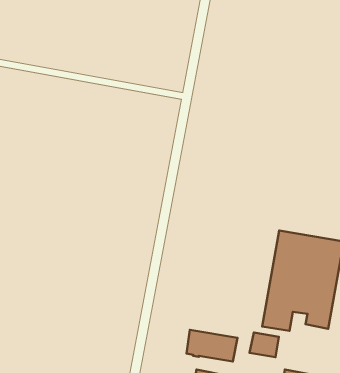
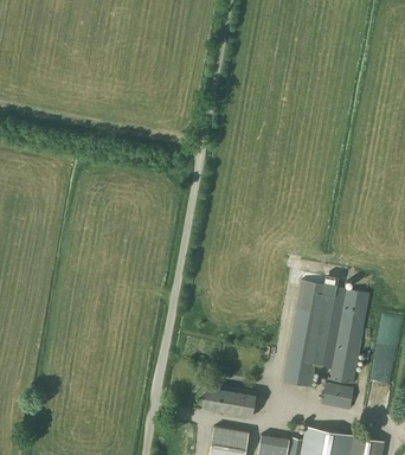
building: [249,332,279,357] -> [322,383,353,409]

